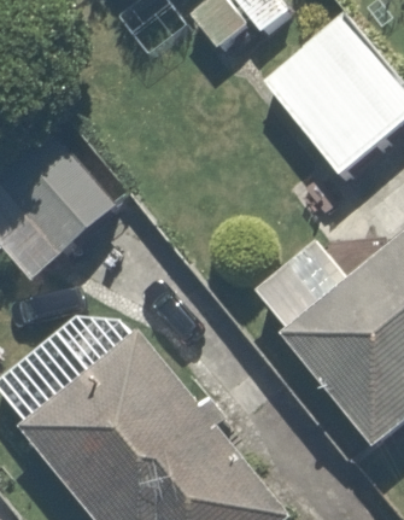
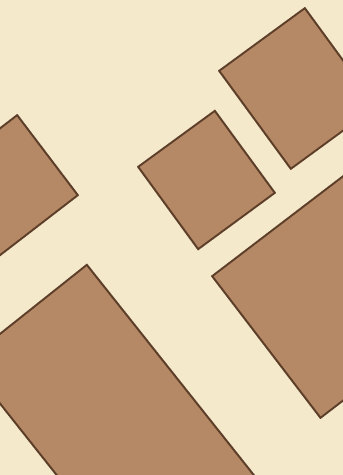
building: none -> [138,111,275,249]

